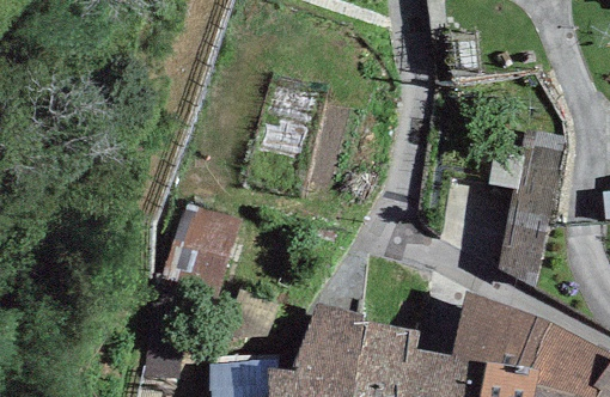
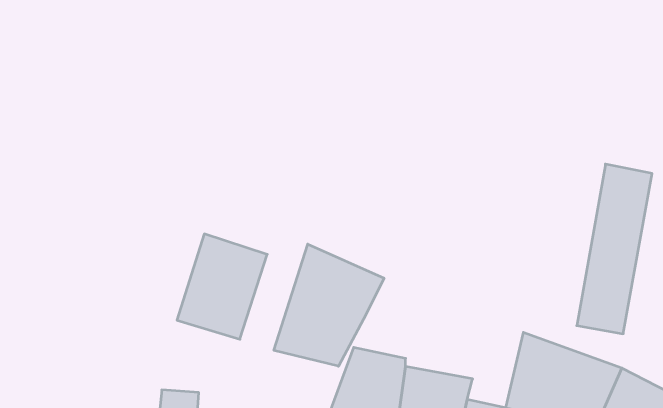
building: none -> [274,244,384,366]

